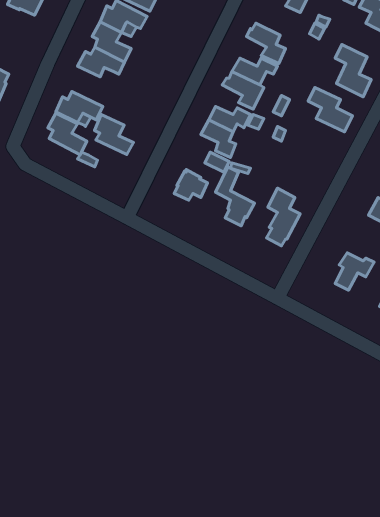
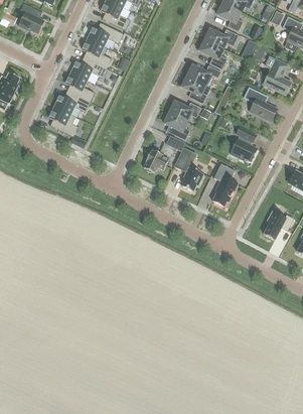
building: none -> [203,27,238,47]
building: [95,114,133,155] -> [64,71,94,101]
building: none -> [230,126,256,160]

